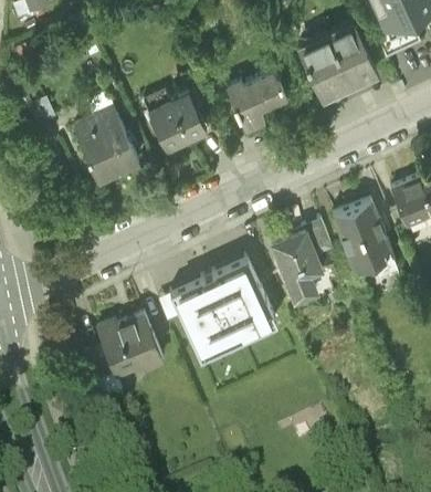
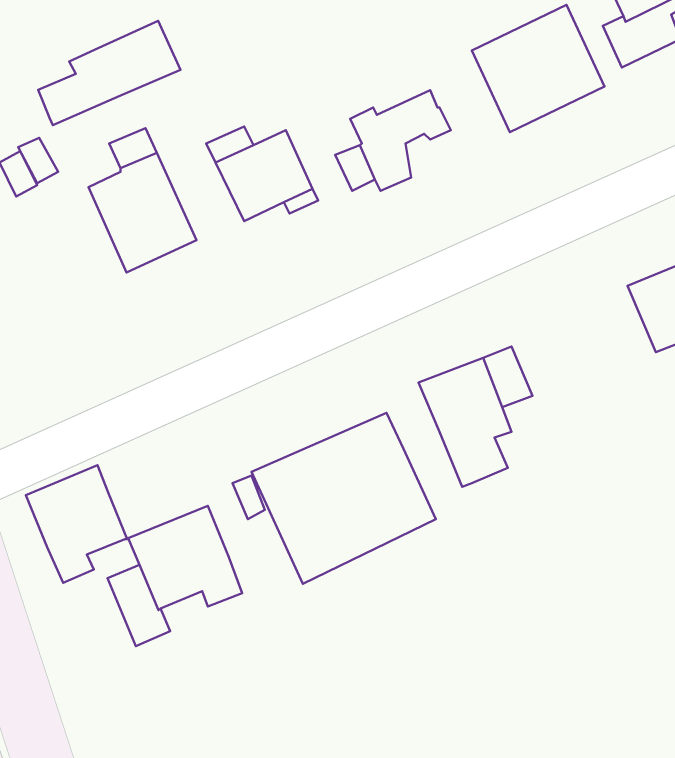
building: none -> [38,21,181,125]
building: [333,199,393,268] -> none
building: none -> [26,465,127,583]

